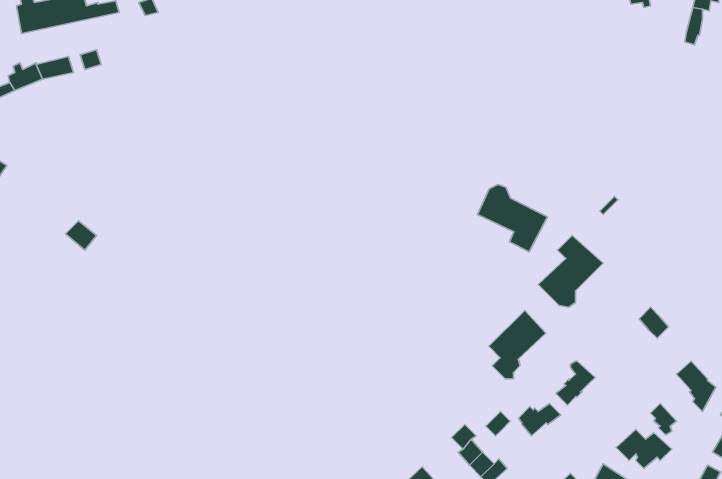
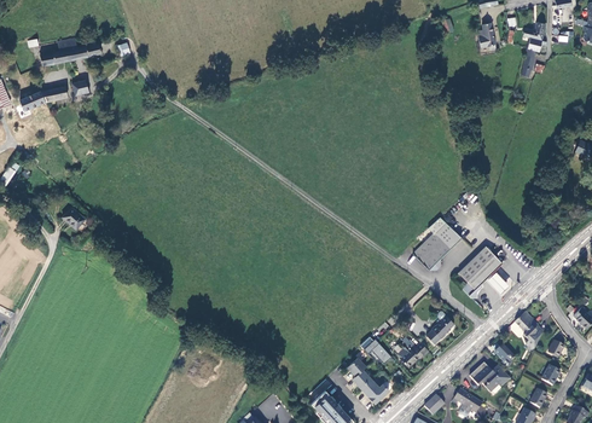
building: [477,184,548,252] -> none
building: [489,310,546,379] -> [459,245,501,296]

